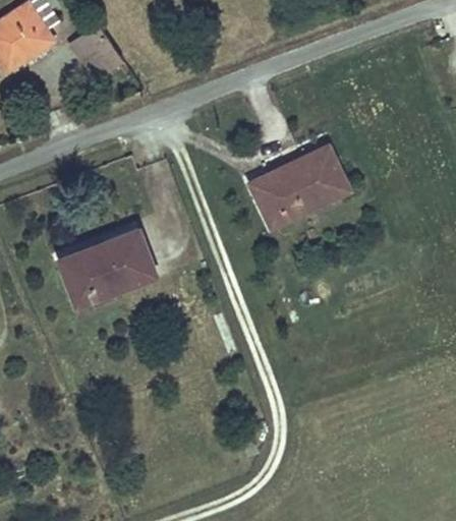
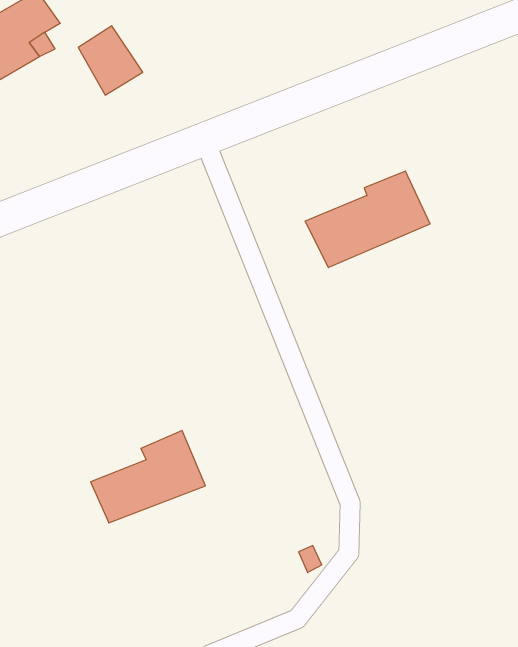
building: [59,230,150,303] -> [91,430,205,523]

